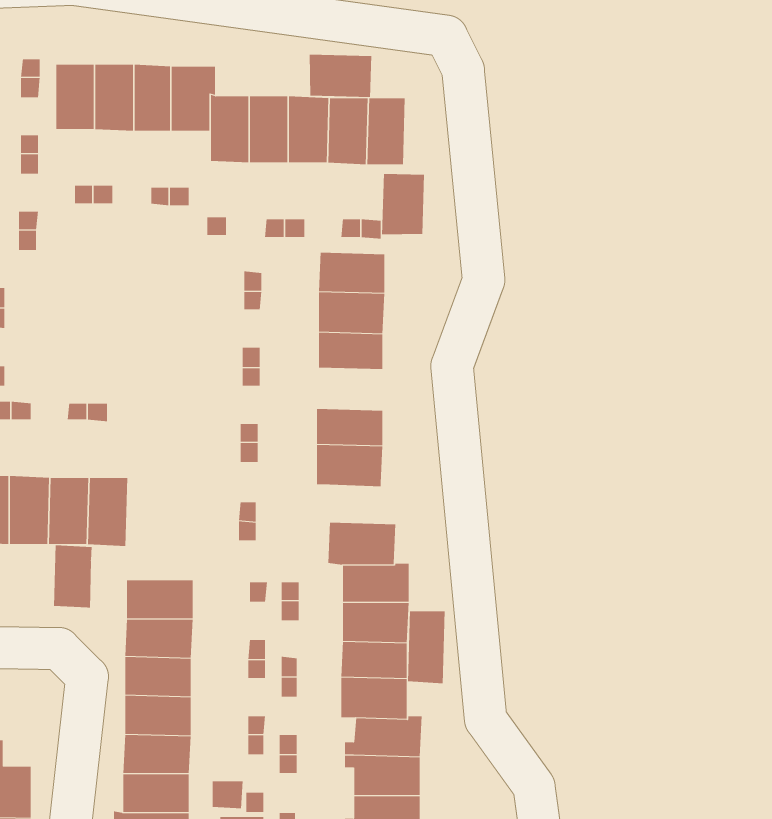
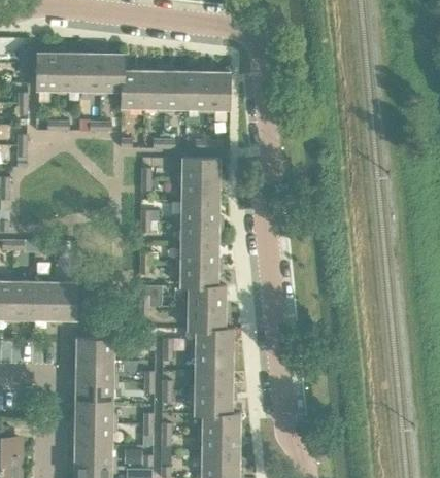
building: [309,54,372,98] -> none
building: [382,173,425,235] -> none
building: none -> [181,221,218,245]
building: none -> [189,285,226,308]
building: [53,545,92,608] -> none
building: [407,610,445,684] -> none

